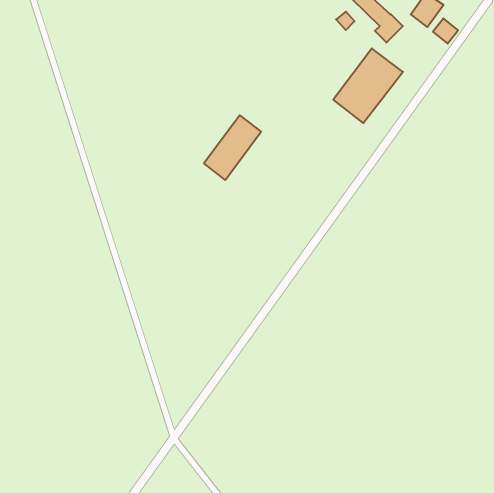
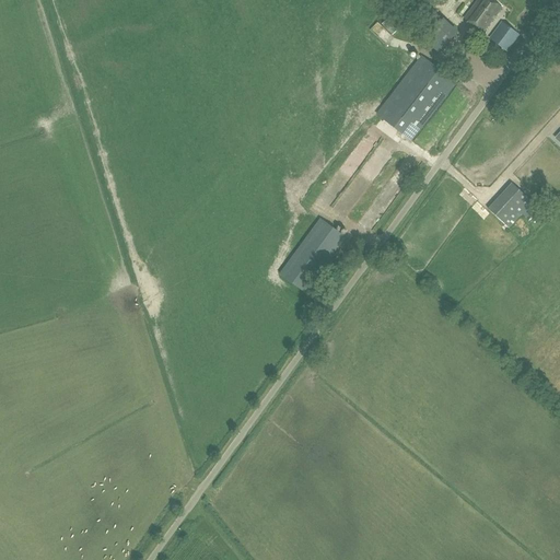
building: [204,115,261,180] -> [279,217,343,290]
building: none -> [488,182,532,226]

